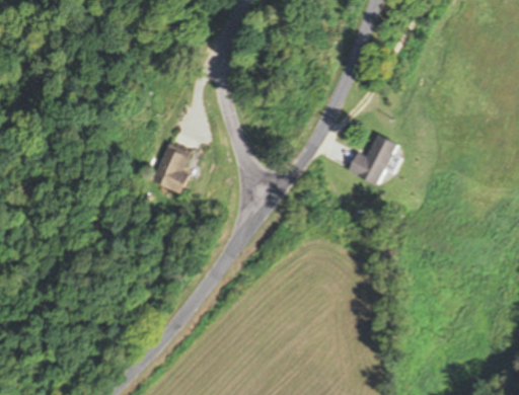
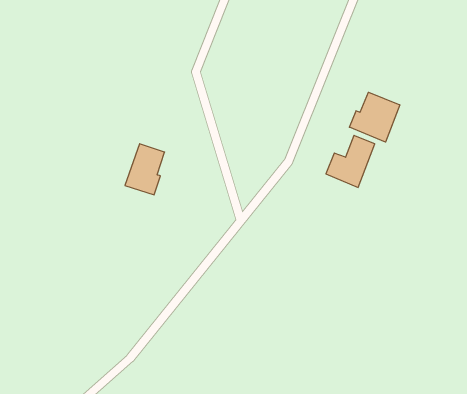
building: none -> [349,92,400,142]

